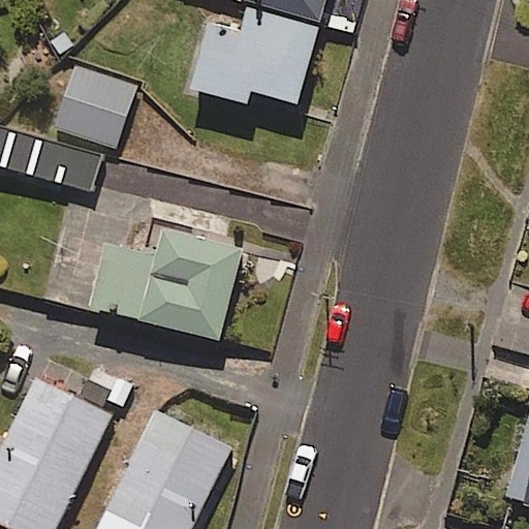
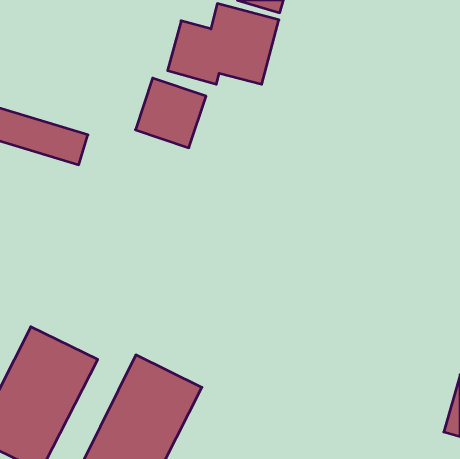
building: [54,68,134,148] -> [135,78,206,148]
building: [43,206,242,341] -> none

